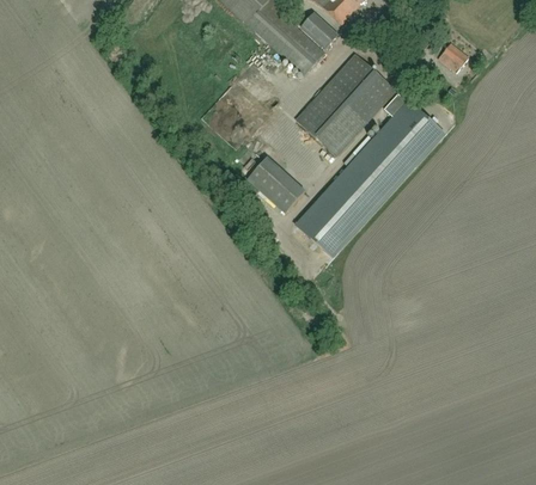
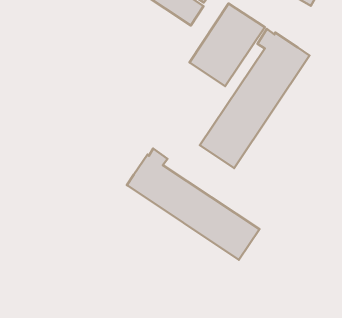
building: [248,155,306,213] -> none
building: none -> [127,149,260,260]

